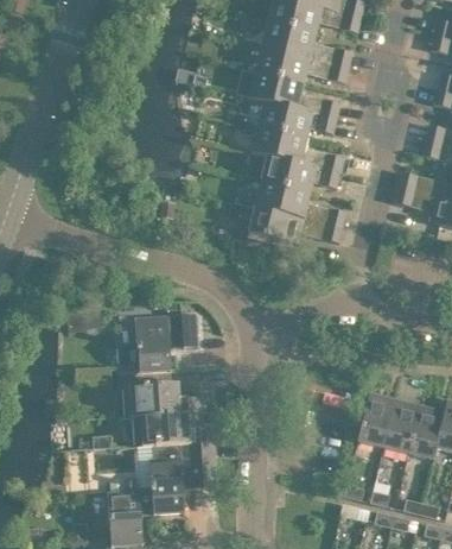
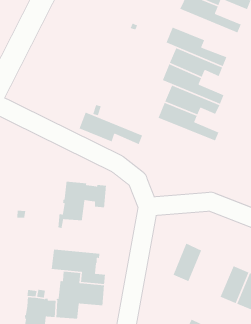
building: [253,46,348,84] -> none
building: [247,207,340,245] -> [78,112,143,145]
building: [117,365,203,417] -> none
building: [357,392,394,448] -> [172,242,202,282]

